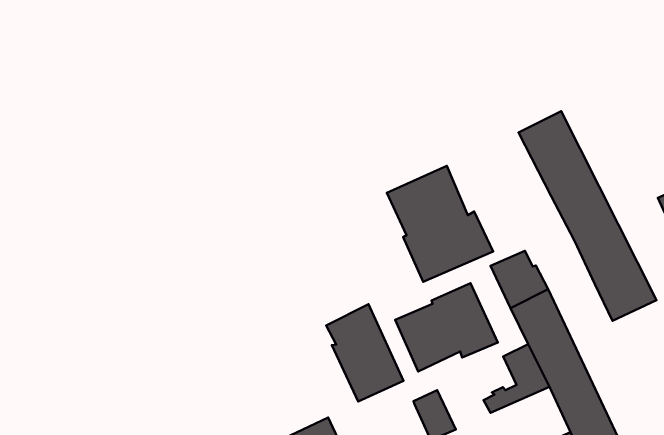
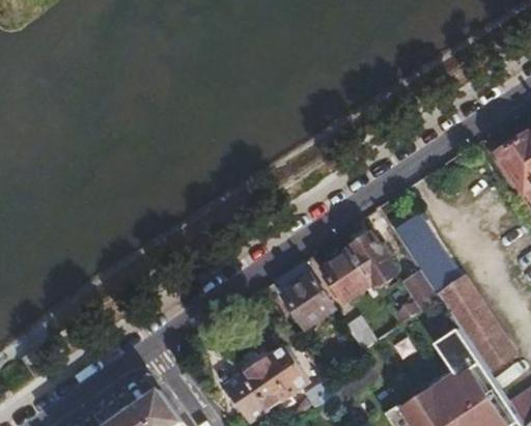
building: [519,111,656,321] -> none
building: [387,166,493,282] -> none

